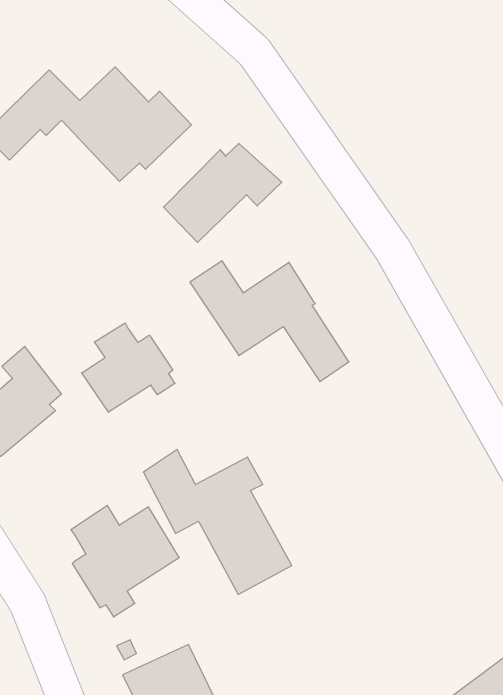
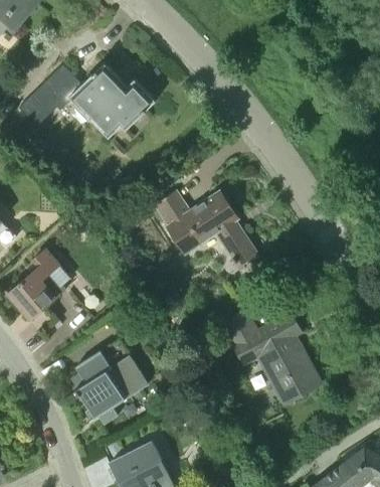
building: [163,143,282,242] -> none
building: [82,323,175,412] -> none
building: [143,449,292,595] -> [222,308,320,403]

